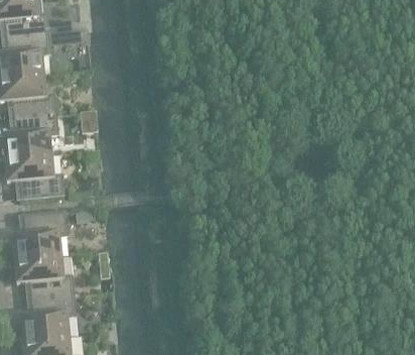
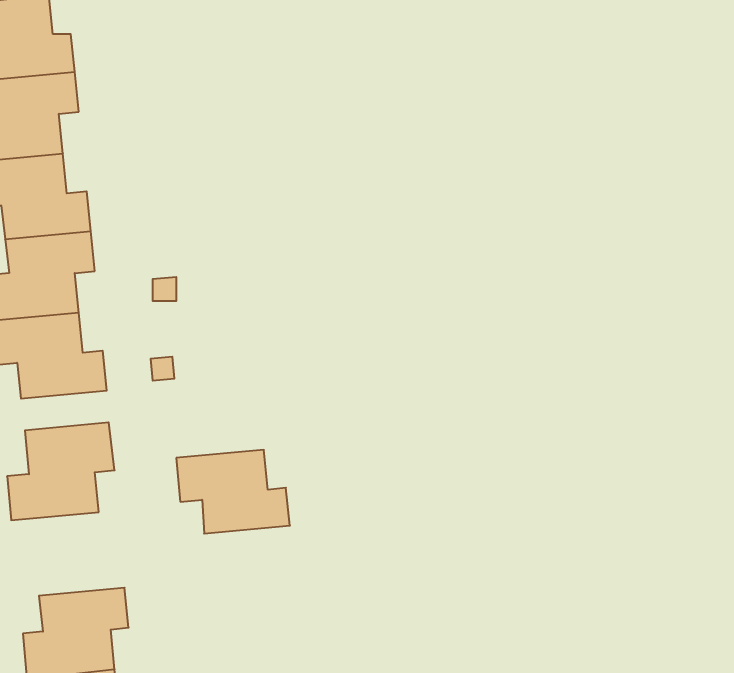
building: [12,260,70,303] -> [176,450,290,534]

